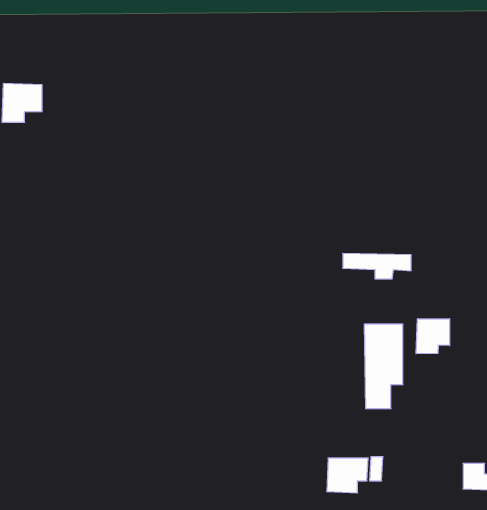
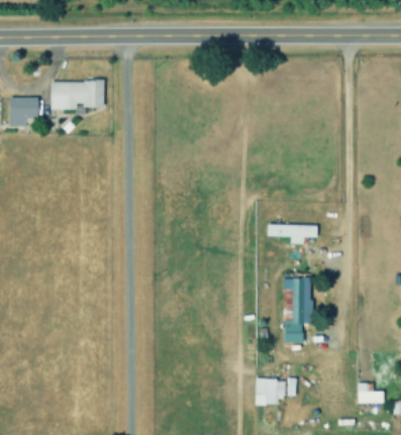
building: none -> [52,81,105,110]
building: [416,319,450,354] -> none

